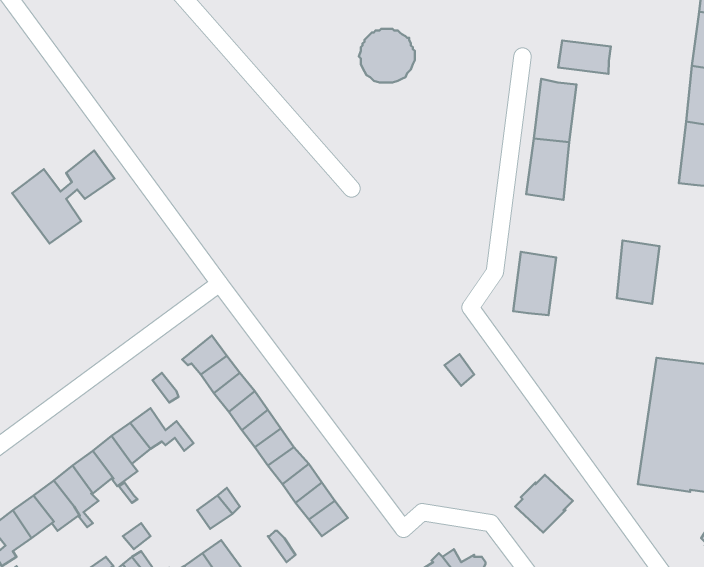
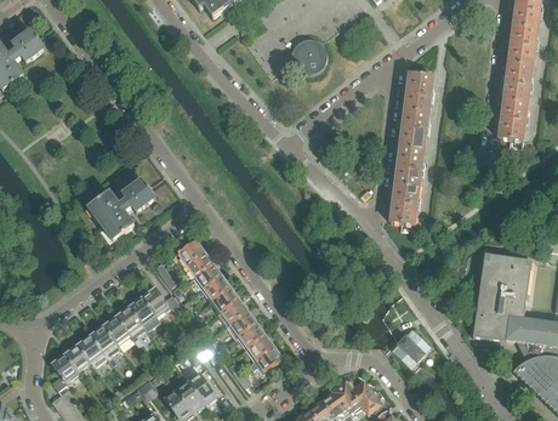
building: [558,41,611,74] -> none
building: [12,150,115,243] -> [87,180,154,240]
building: [617,241,660,304] -> [395,147,423,188]

